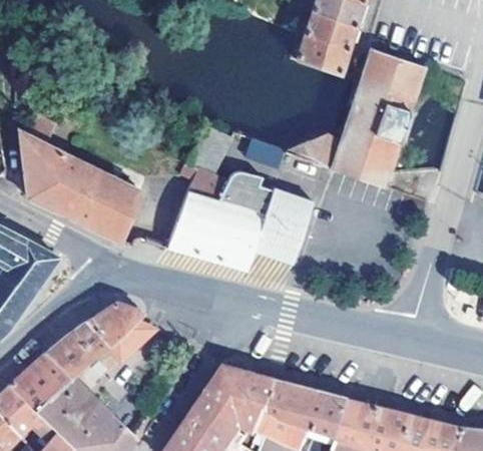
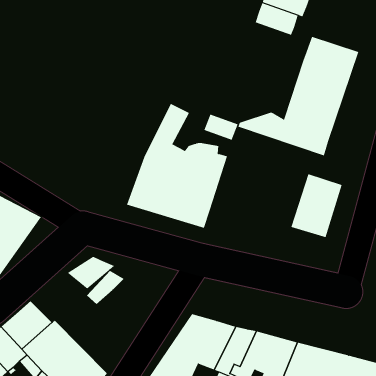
building: [297,33,348,74] -> none
building: [19,114,139,244] -> none
building: [255,187,315,262] -> [290,173,343,238]
building: [47,322,112,379] -> none

